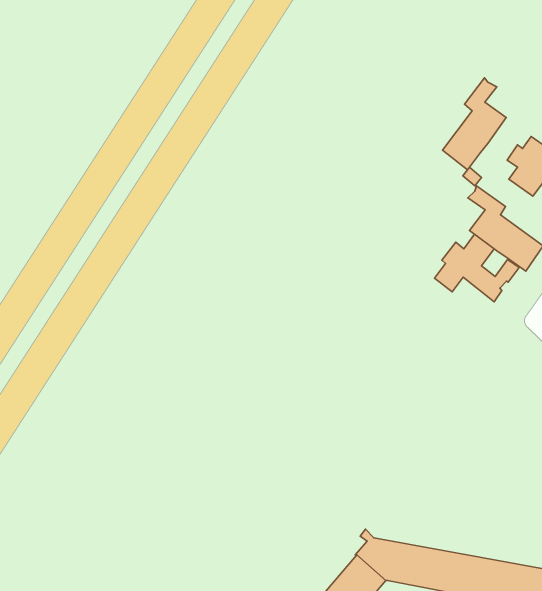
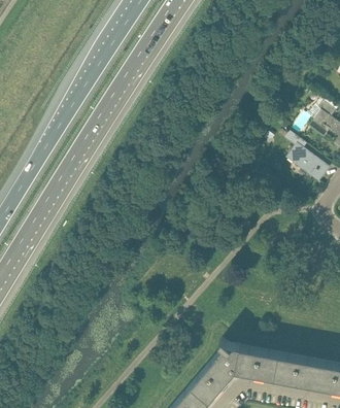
building: [443,78,506,170] -> none
building: [435,234,519,302] -> none

